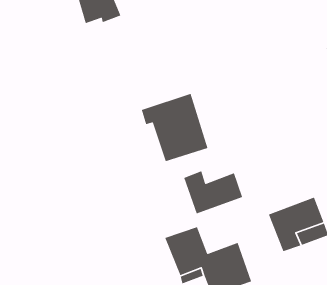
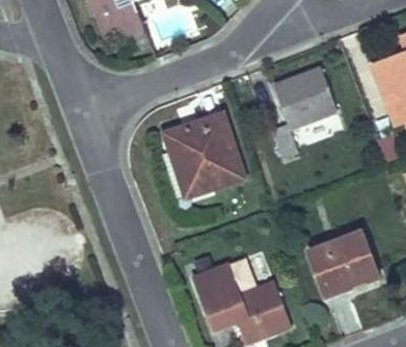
building: none -> [273,68,337,157]
building: [183,170,243,214] -> none

